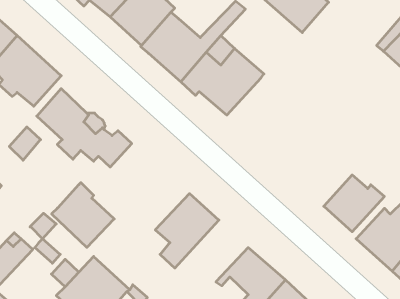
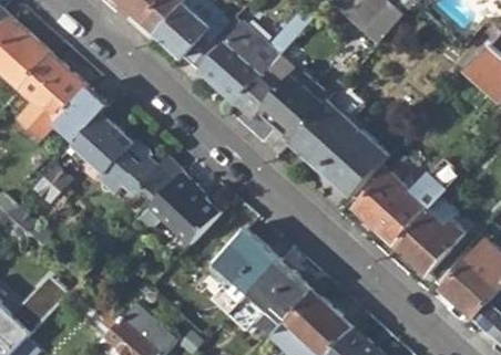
building: none -> [287,100,388,197]
building: none -> [356,171,446,244]
building: [52,183,114,247] -> [149,171,219,244]
building: none -> [228,260,311,332]

